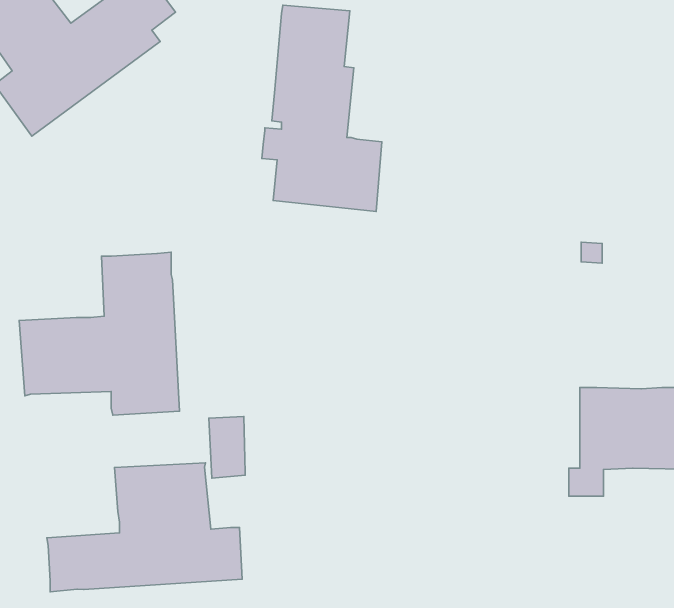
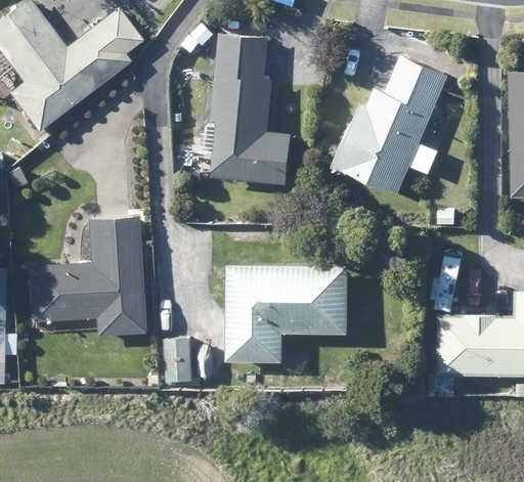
building: none -> [332,54,448,193]
building: none -> [226,265,348,362]
building: [47,463,242,592] -> none

